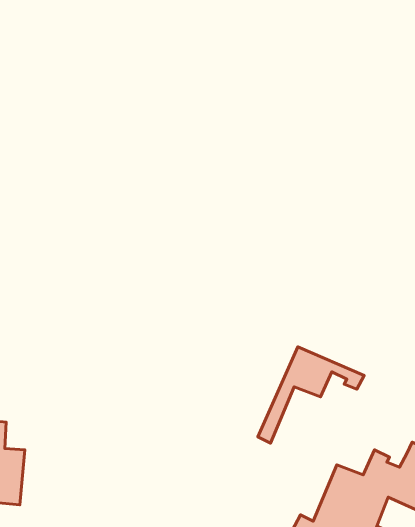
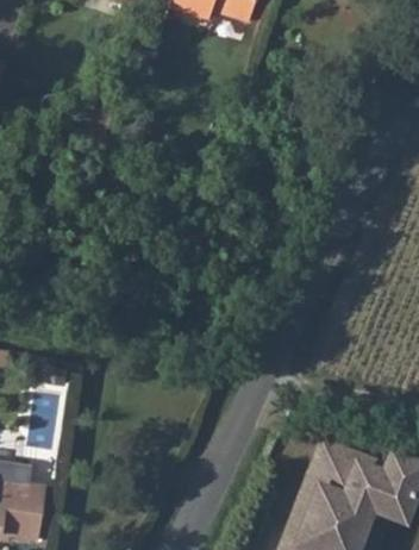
building: [258,347,364,443] -> [299,448,400,539]

